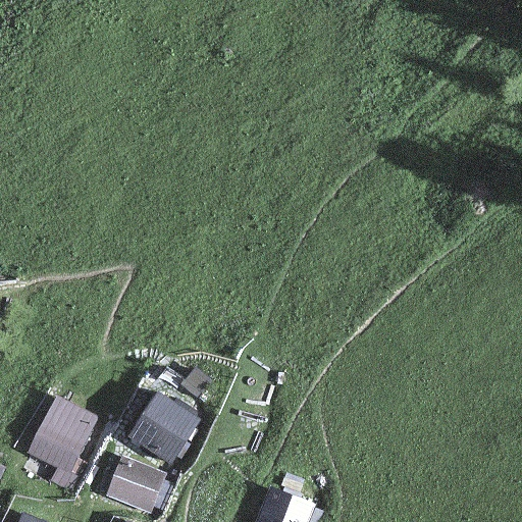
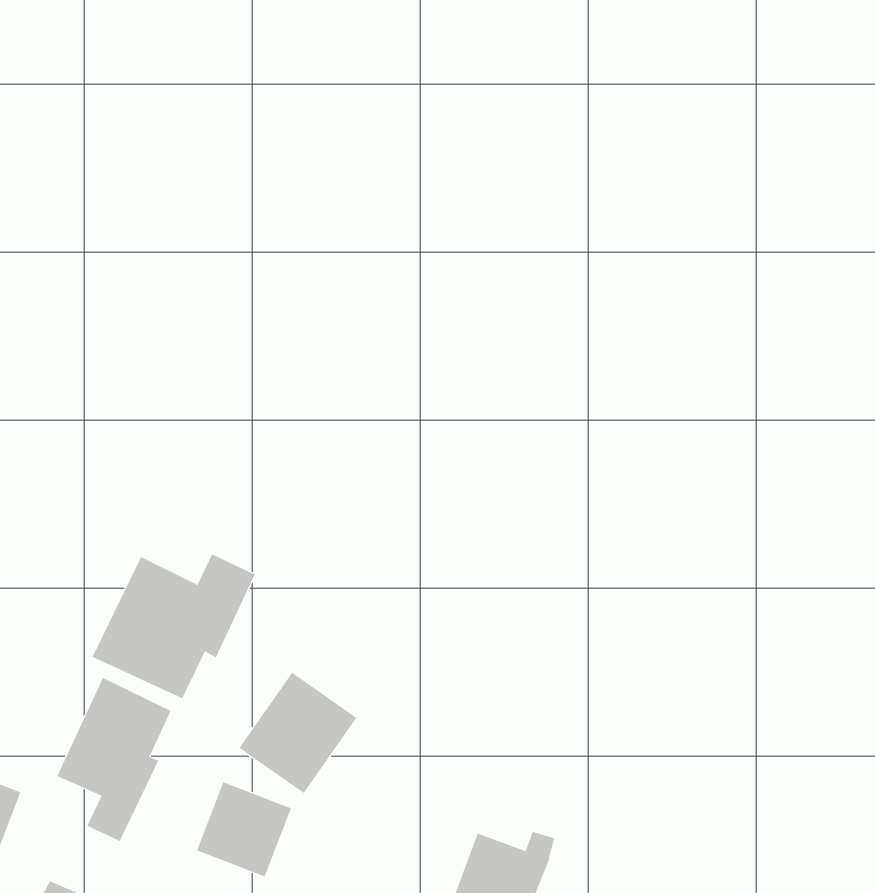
building: none -> [92,553,255,699]

